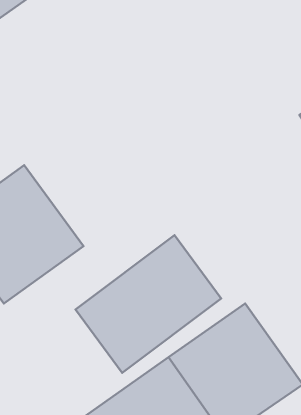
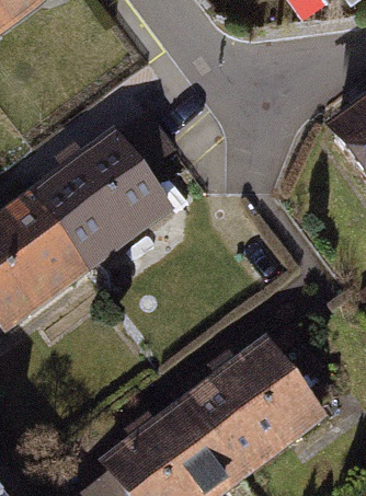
building: none -> [32,131,179,279]
building: [75,235,221,373] -> none

